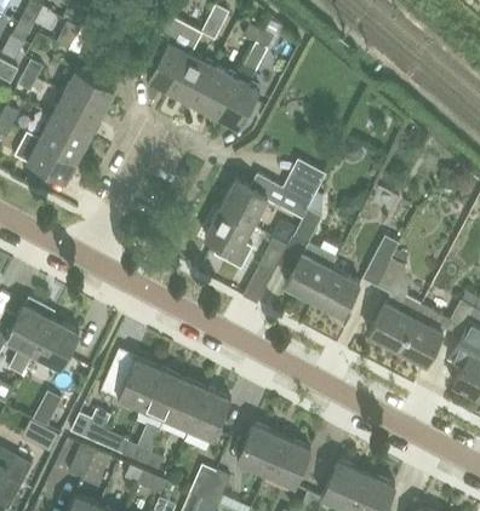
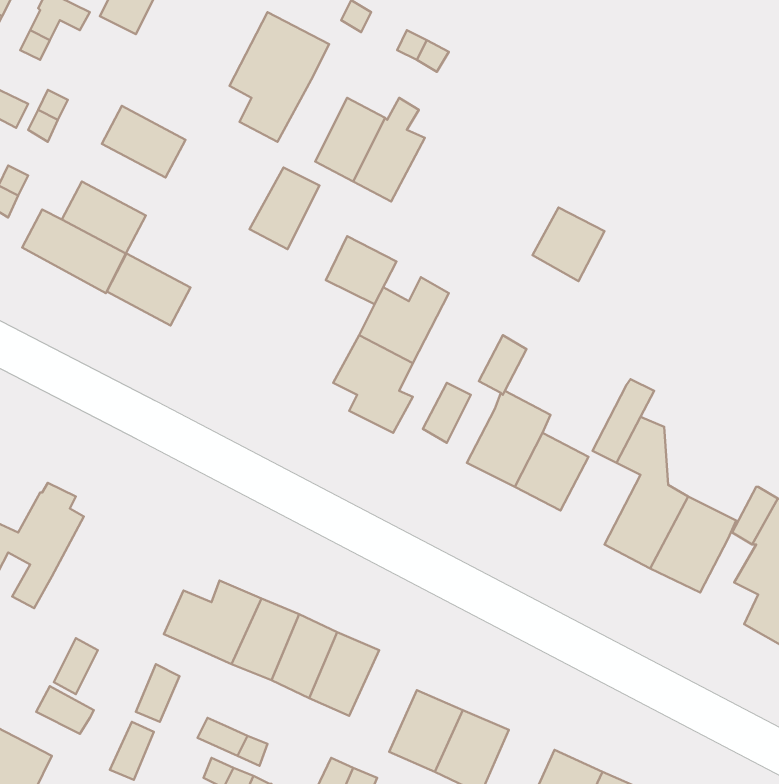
building: [170,56,212,105] -> [250,167,319,249]
building: [51,94,102,138] -> [107,254,190,325]
building: none -> [326,236,396,304]
building: [282,160,326,205] -> [533,207,604,281]
building: [33,321,80,372] -> none

